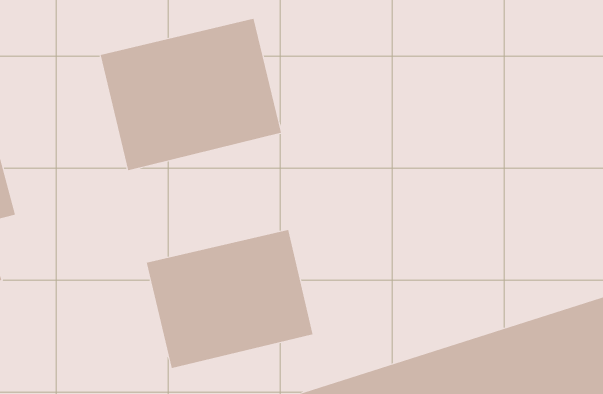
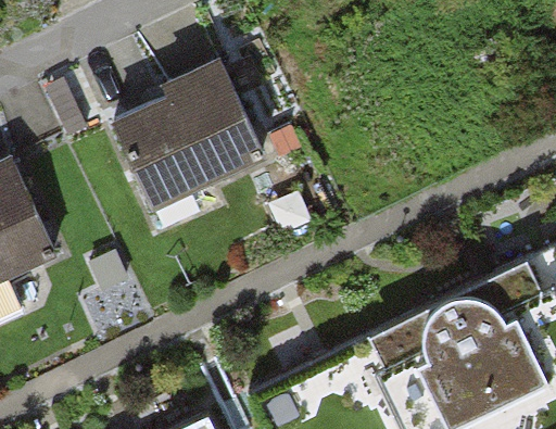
building: [146,229,313,369] -> none

